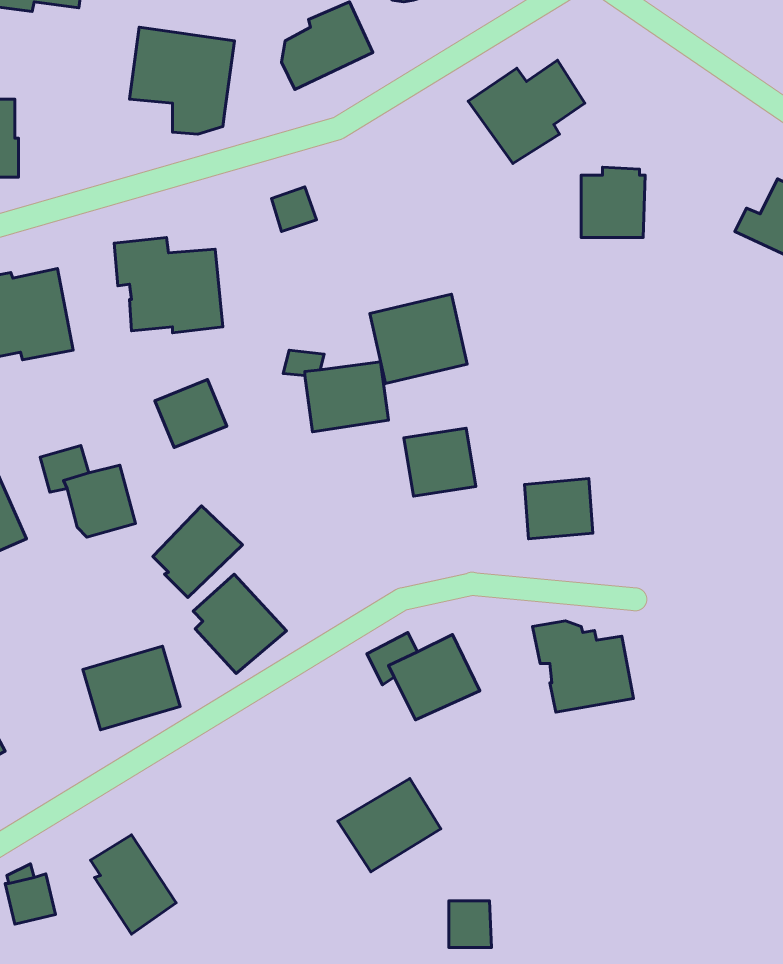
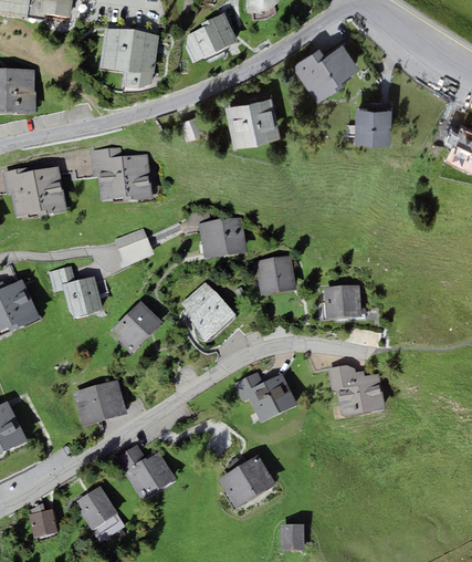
building: [370,294,467,384] -> [224,100,280,150]
building: [193,574,287,674] -> [181,282,234,339]
building: none -> [114,445,176,501]

